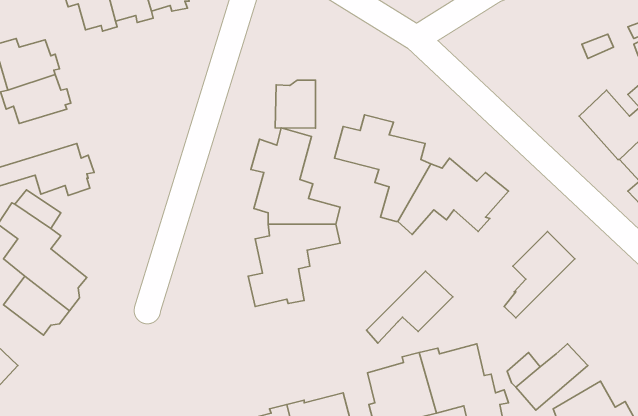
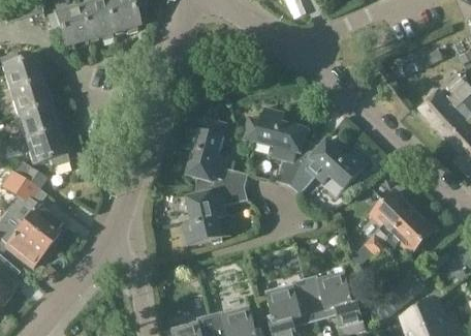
building: [275,80,316,128] -> none
building: none -> [17,103,61,139]
building: [366,271,453,343] -> [373,211,435,263]

